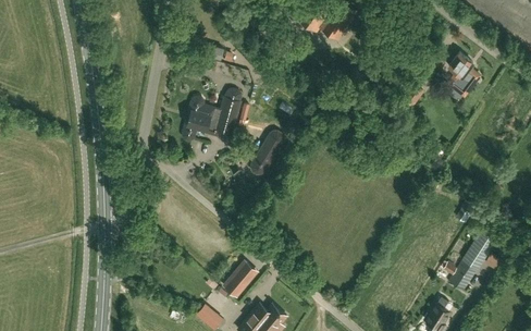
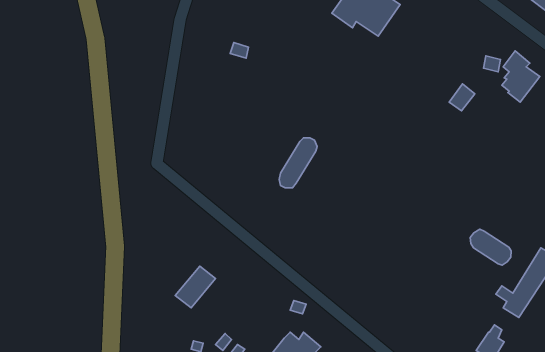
building: [182,89,240,140] -> none
building: none -> [470,229,511,265]
building: [222,261,258,298] -> [175,266,216,308]

